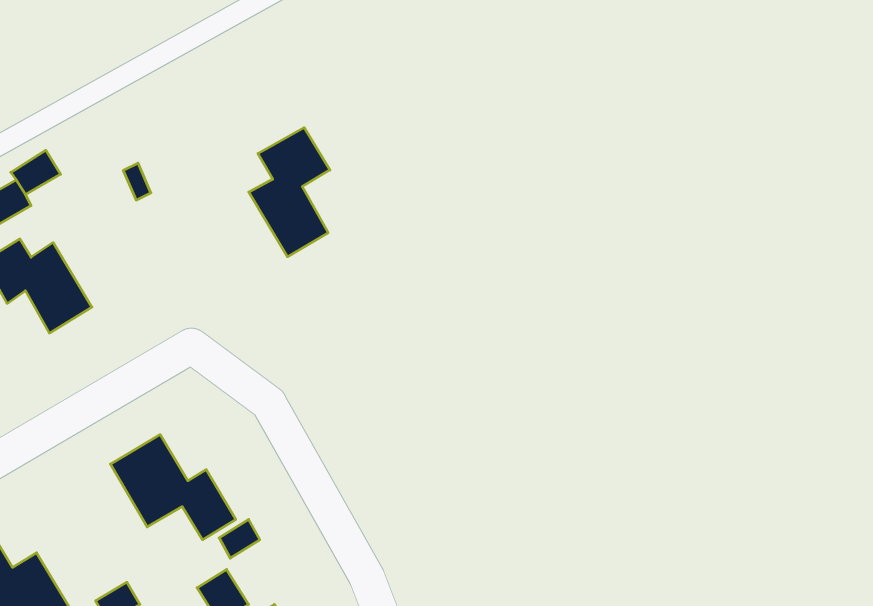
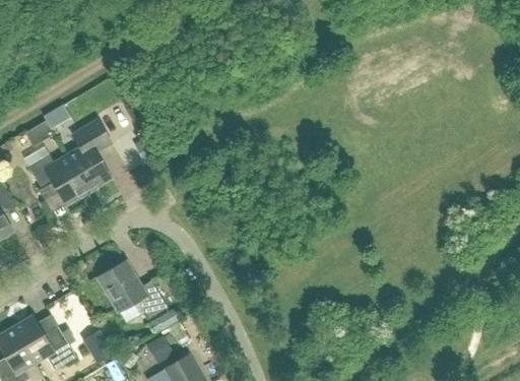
building: [249,128,330,257] -> [66,120,111,191]

